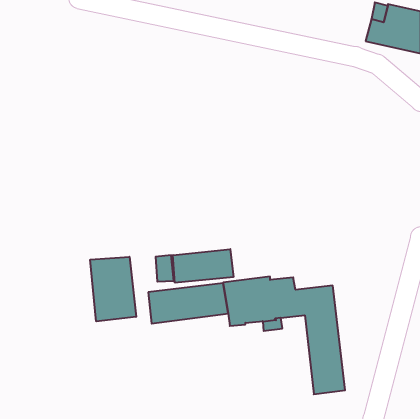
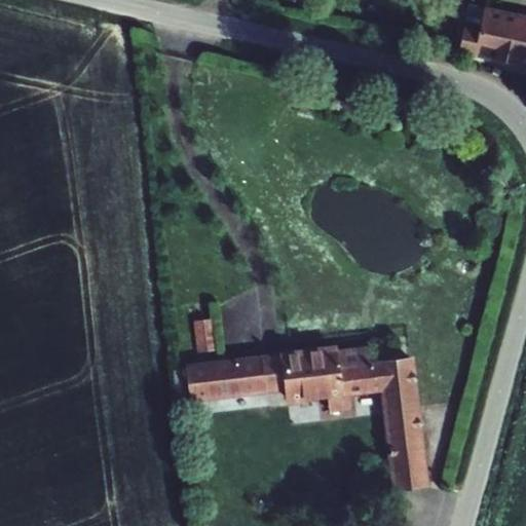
building: [173,249,233,283] -> none
building: [90,257,136,321] -> none

